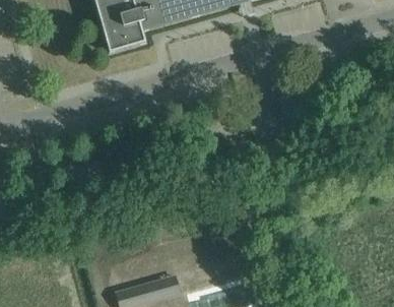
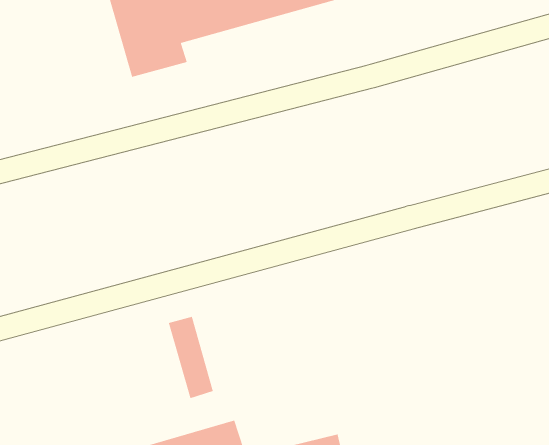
building: none -> [168,316,214,399]

